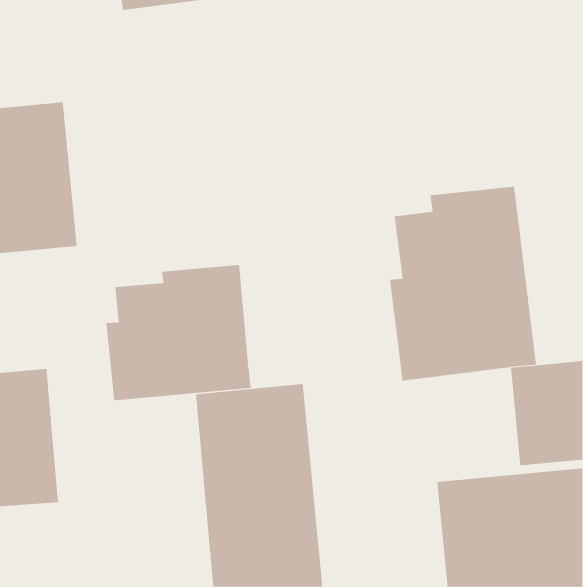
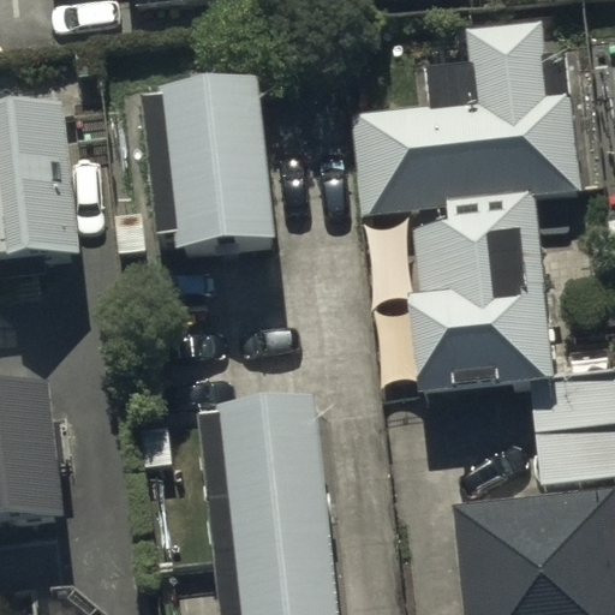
building: none -> [348,20,578,214]
building: none -> [147,77,279,247]
building: [106,264,251,401] -> none

